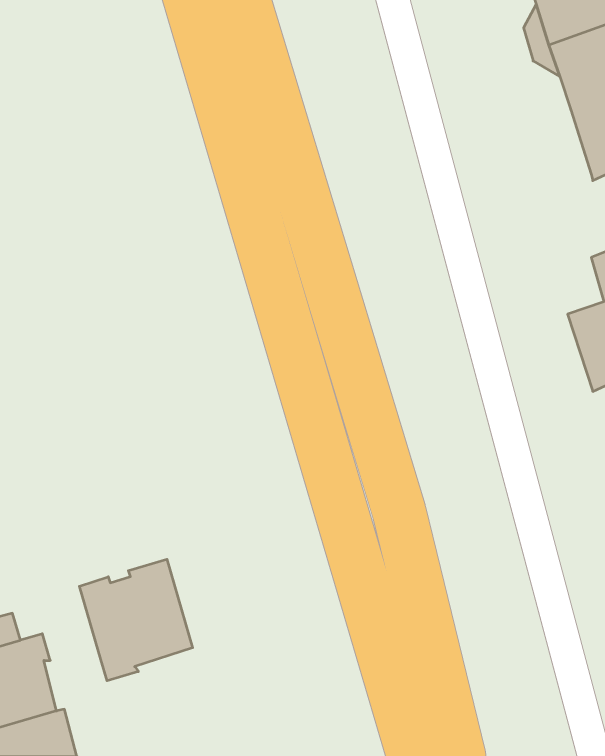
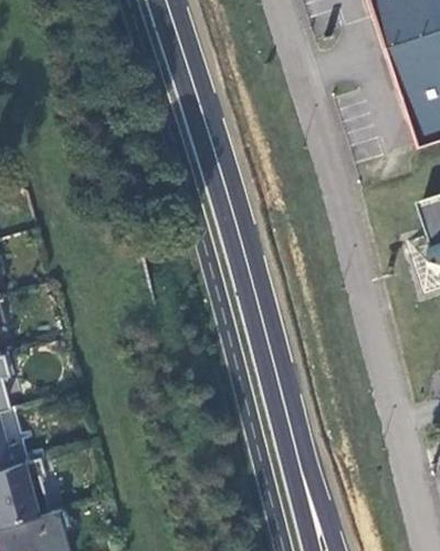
building: [79,559,193,681] -> none

